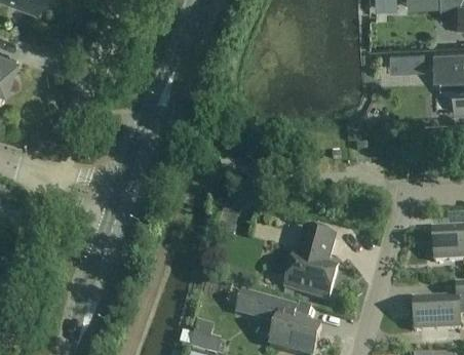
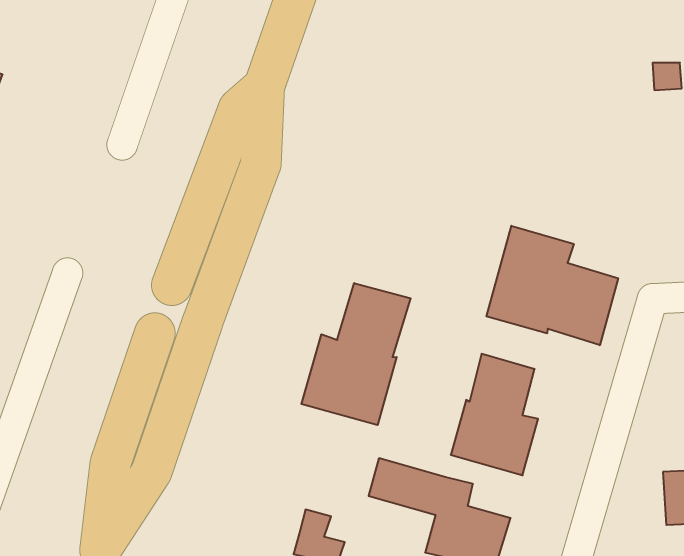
building: none -> [486,226,618,345]
building: none -> [301,283,411,425]

